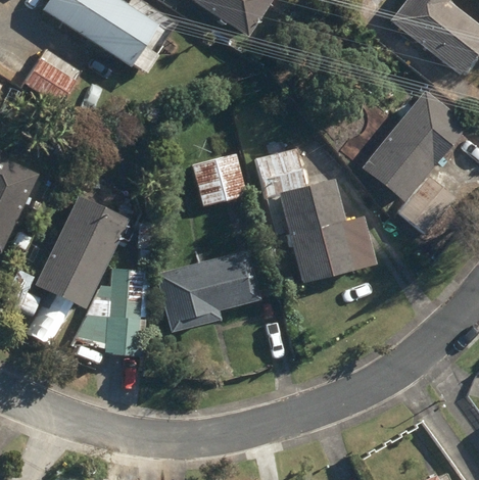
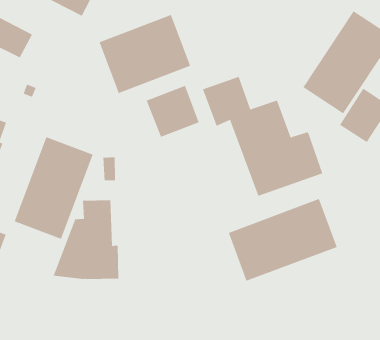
building: none -> [99,14,191,94]
building: [155,249,259,332] -> none
building: none -> [228,198,338,282]

